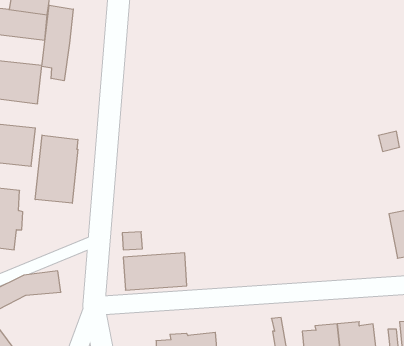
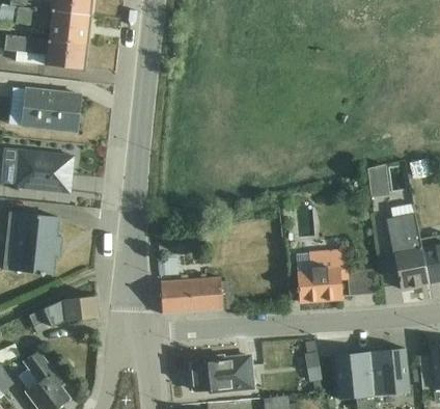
building: [42,5,73,81] -> none
building: [35,135,78,203] -> none
building: none -> [367,165,389,197]
building: none -> [386,203,429,290]
building: none -> [296,249,375,302]

